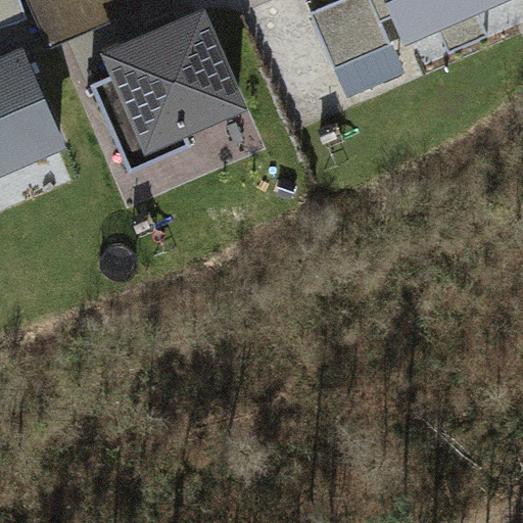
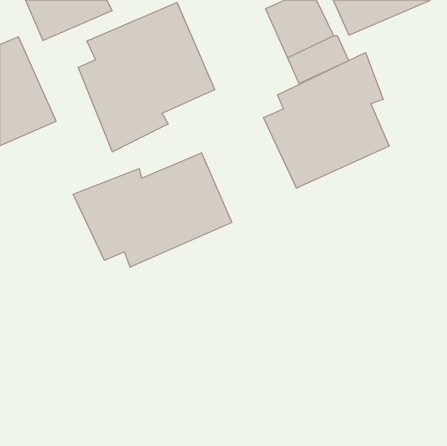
building: none -> [263,53,389,188]
building: none -> [73,153,232,267]

